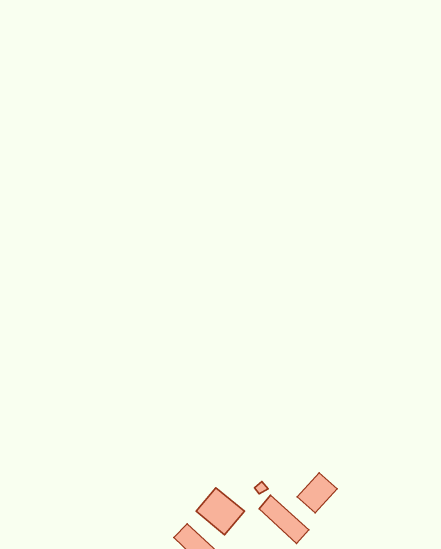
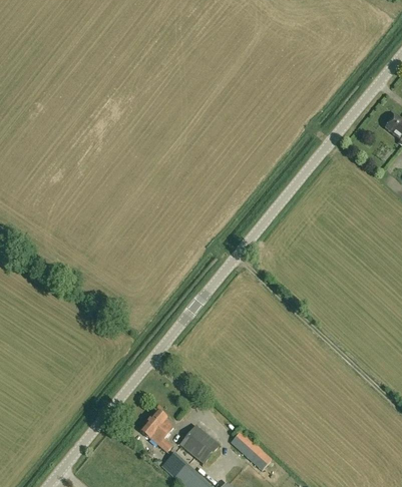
building: none -> [140,410,174,451]
building: [297,473,337,513] -> none

